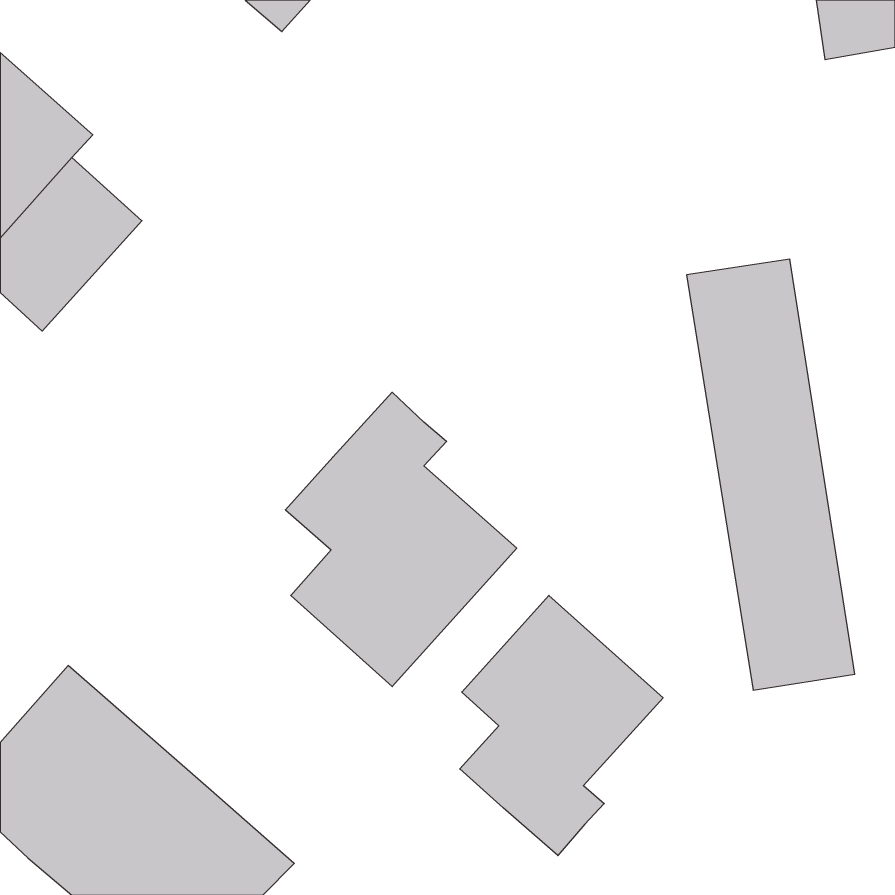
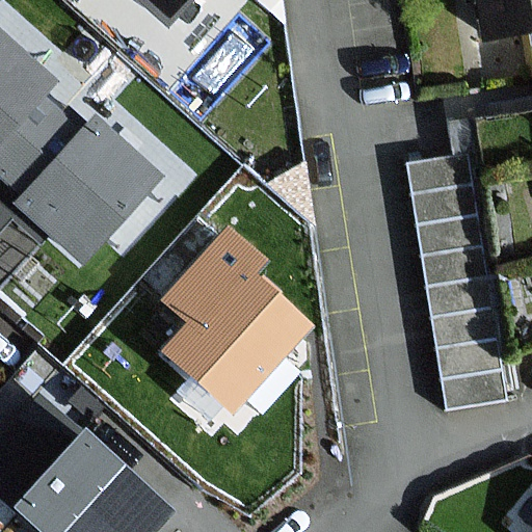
building: none -> [20,117,160,260]
building: [460,595,663,856] -> none

